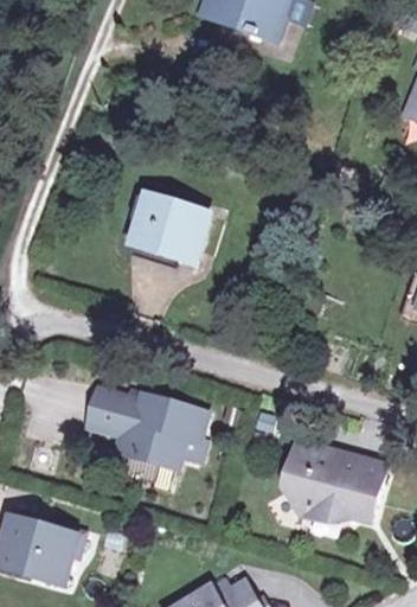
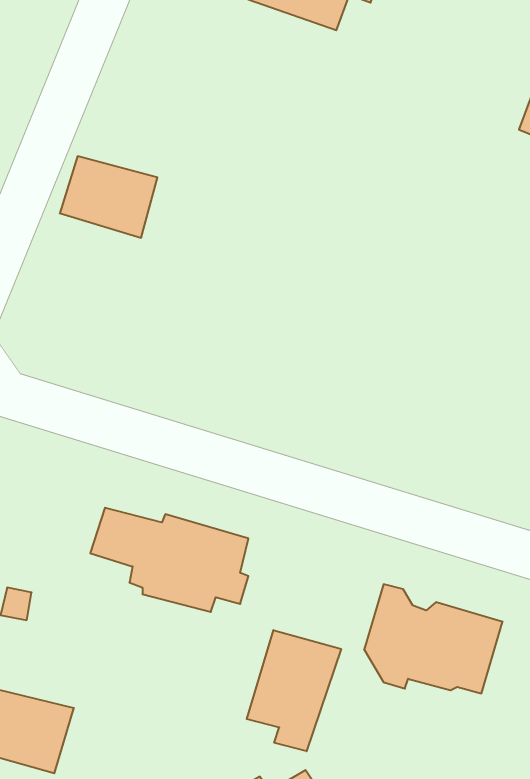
building: [130,199,201,258] -> [60,156,157,238]
building: none -> [247,630,341,751]

